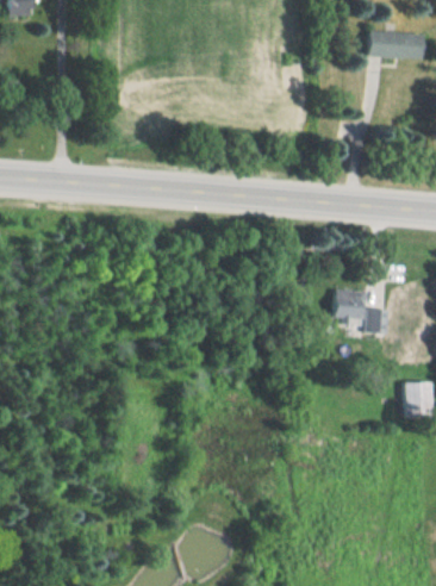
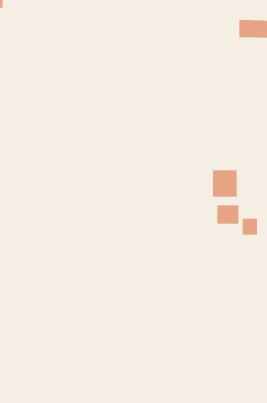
building: none -> [213,170,237,197]

